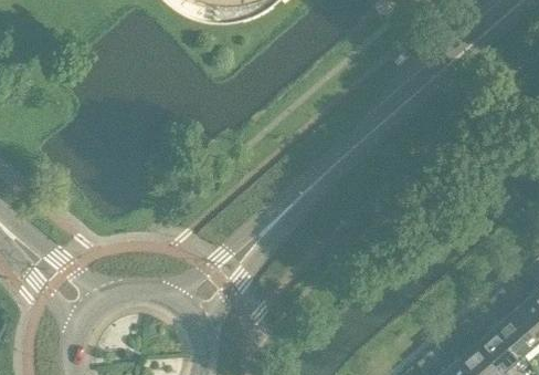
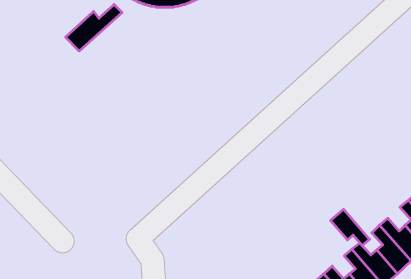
building: none -> [66,4,122,51]
building: none -> [331,209,370,246]

